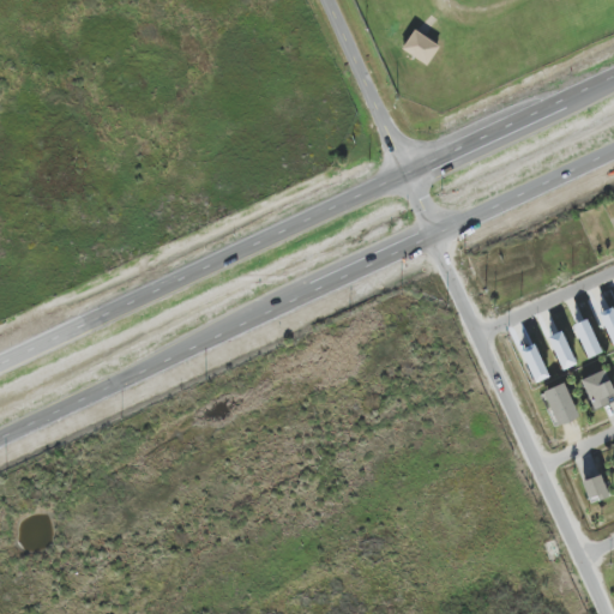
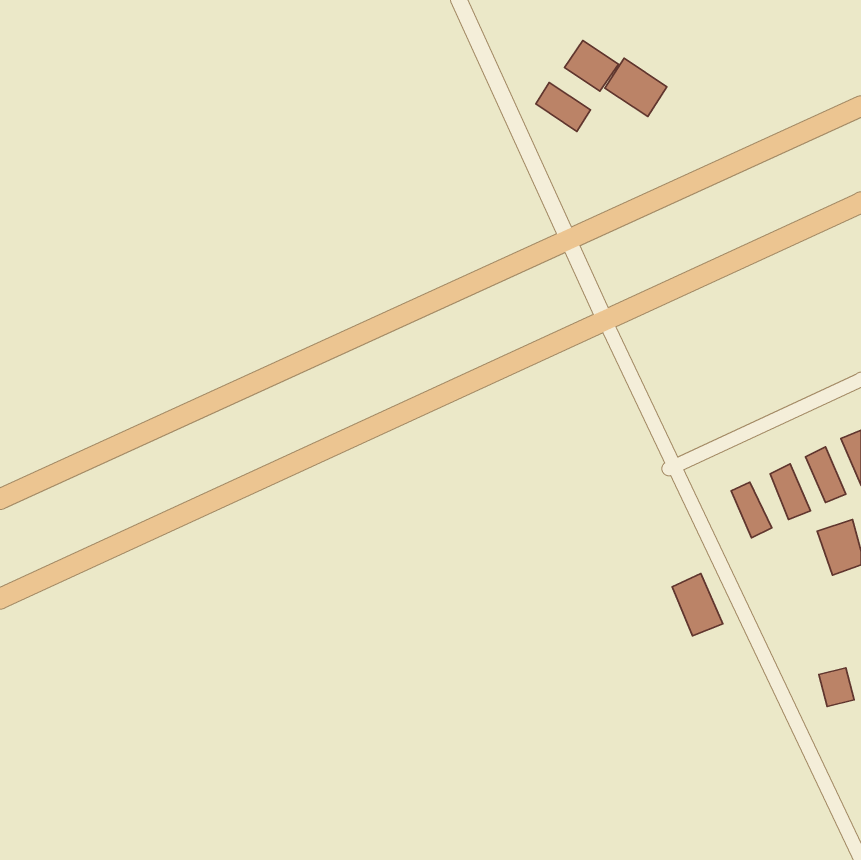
building: none -> [605,58,667,117]
building: none -> [536,82,591,131]
building: [543,381,579,426] -> [672,573,723,636]

